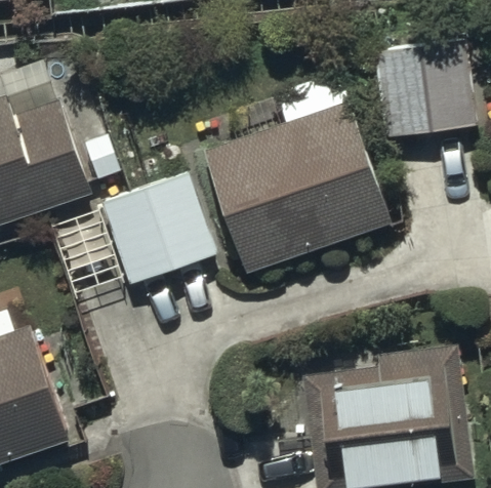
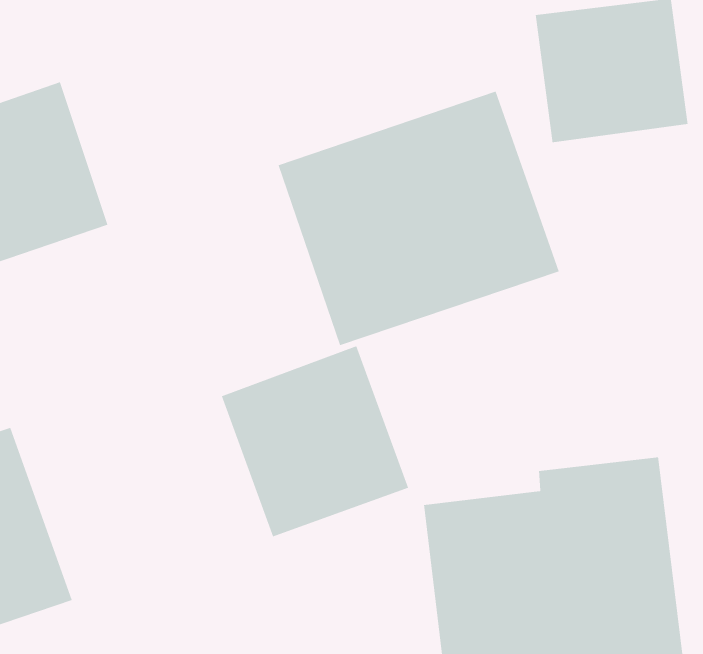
building: [99,169,216,282] -> none
building: none -> [221,345,409,537]

